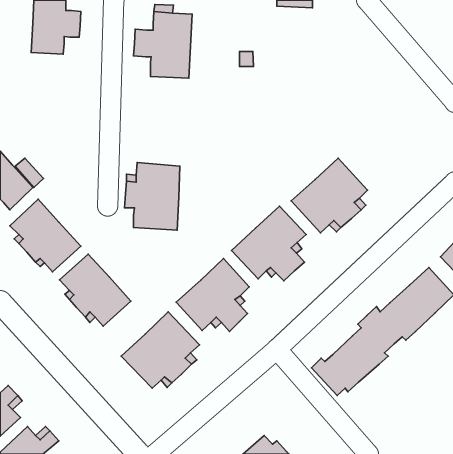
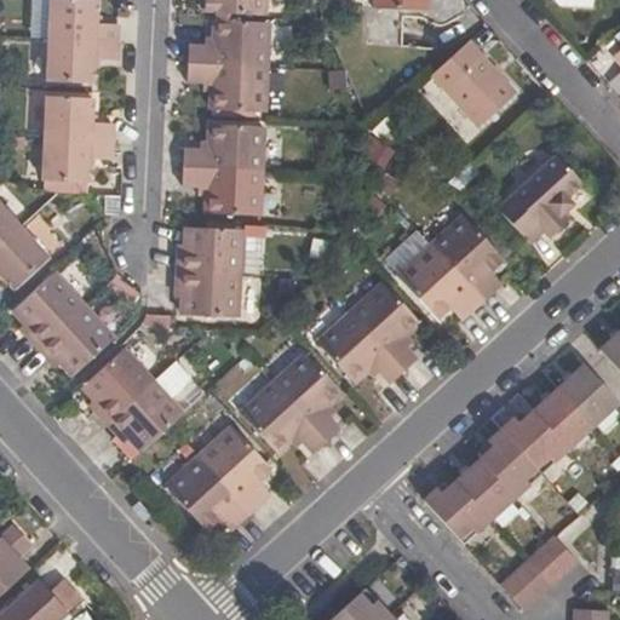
building: none -> [434,41,517,126]
building: none -> [40,87,108,173]
building: none -> [178,121,257,211]
building: none -> [498,154,584,243]
building: none -> [504,538,579,609]

